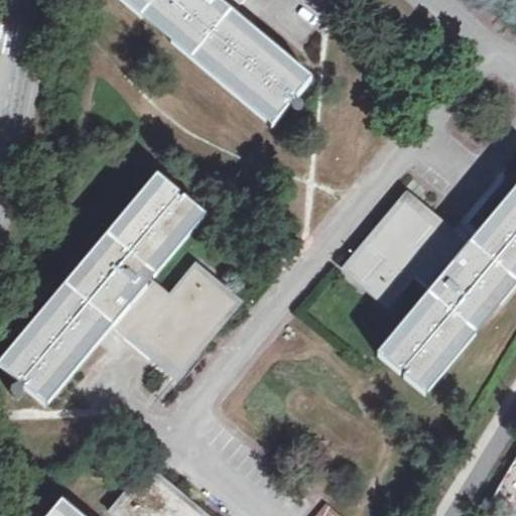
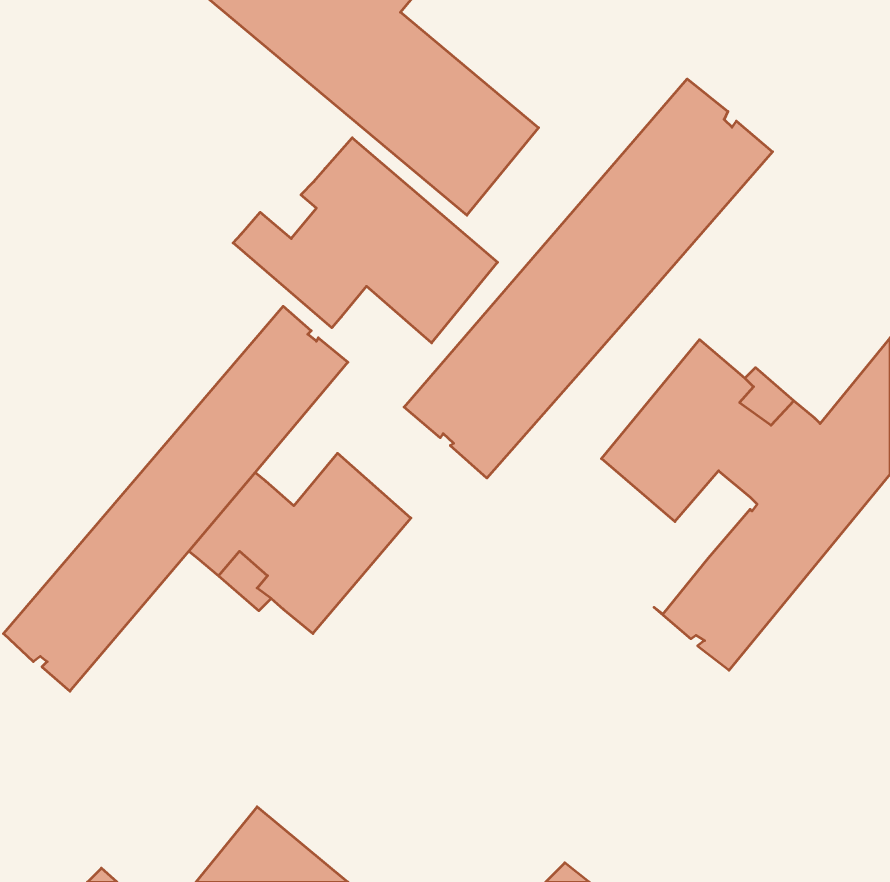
building: none -> [404,79,773,478]
building: none -> [233,138,498,343]

